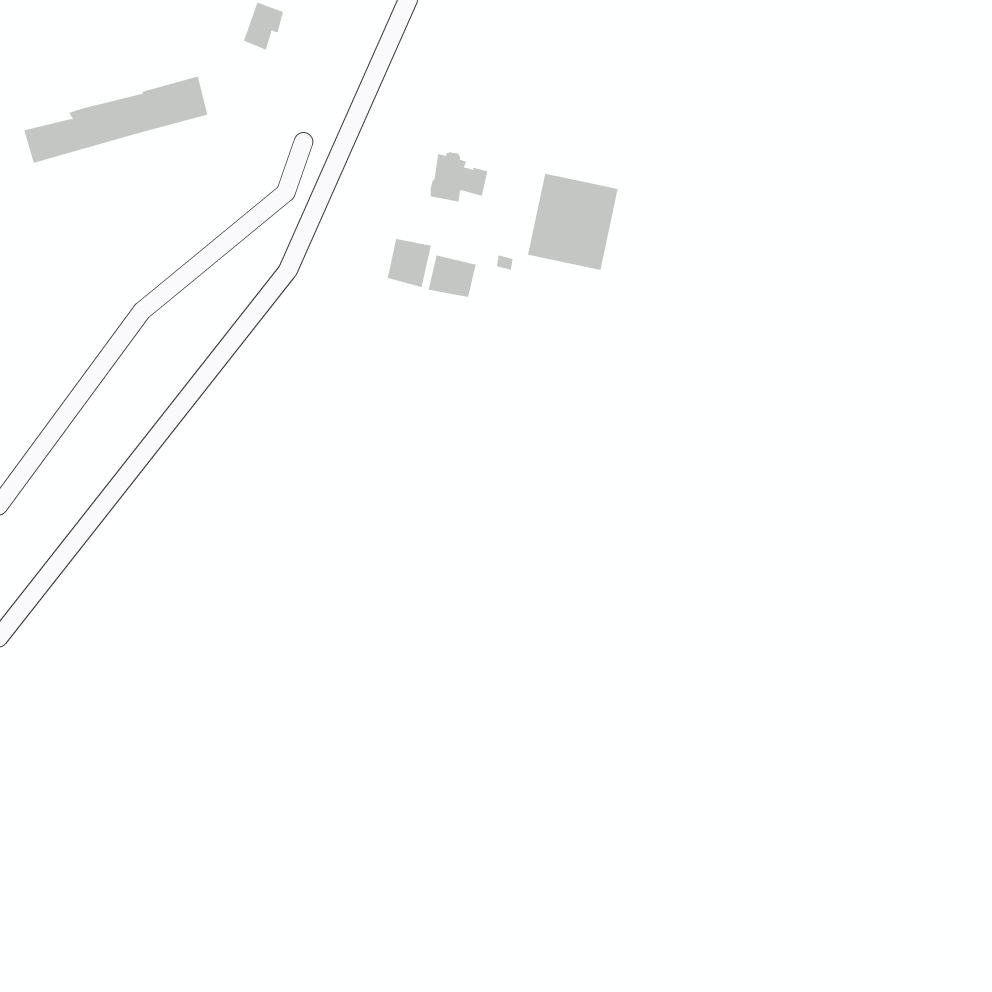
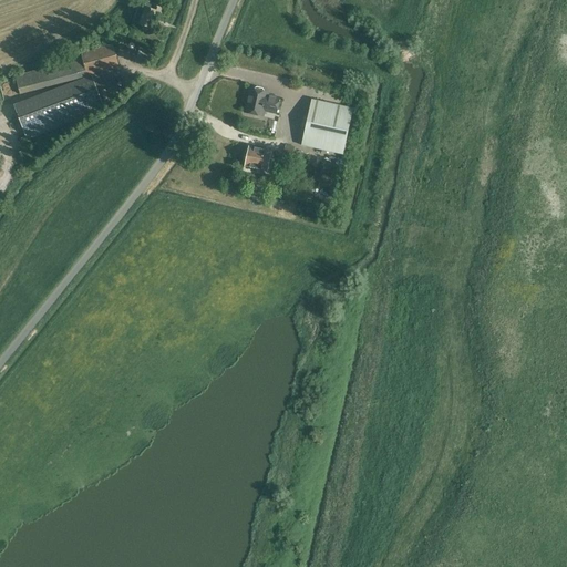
building: none -> [14,75,121,138]
building: [387,238,431,288] -> none

